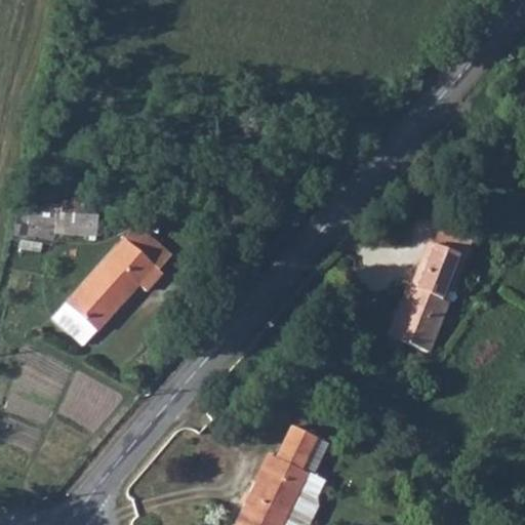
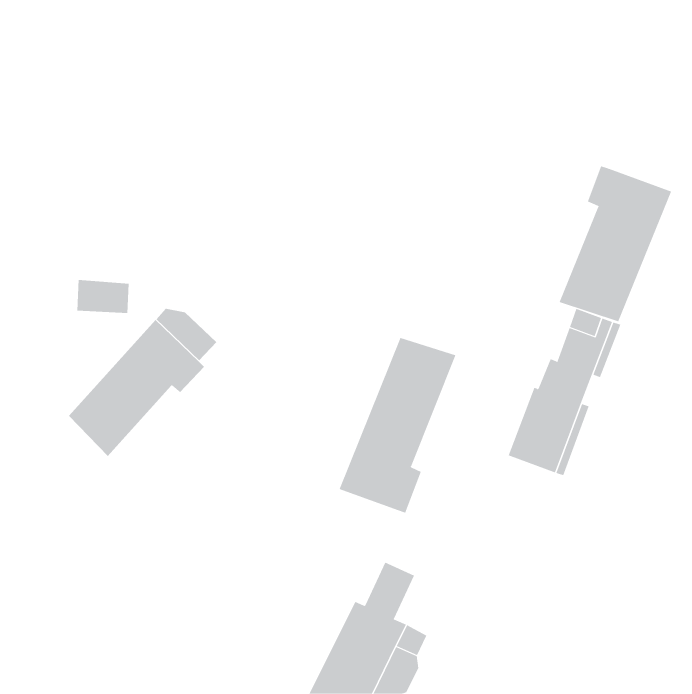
building: none -> [559,165,672,322]
building: none -> [339,337,456,514]

